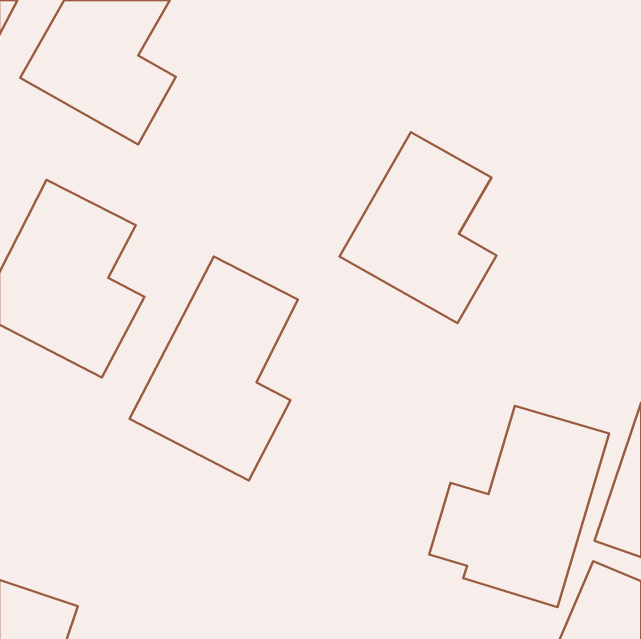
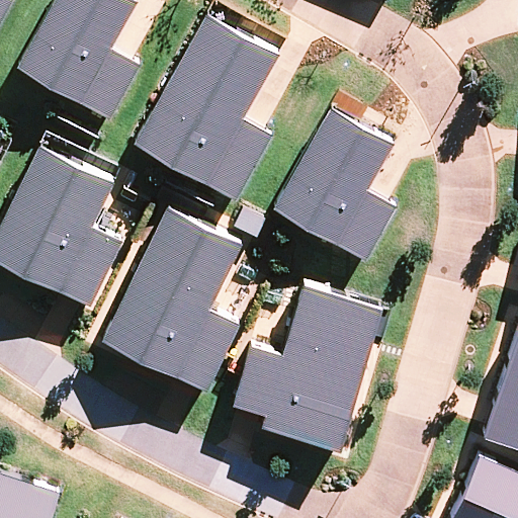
building: none -> [137,18,276,196]
building: [429,406,609,607] -> [236,285,380,447]

